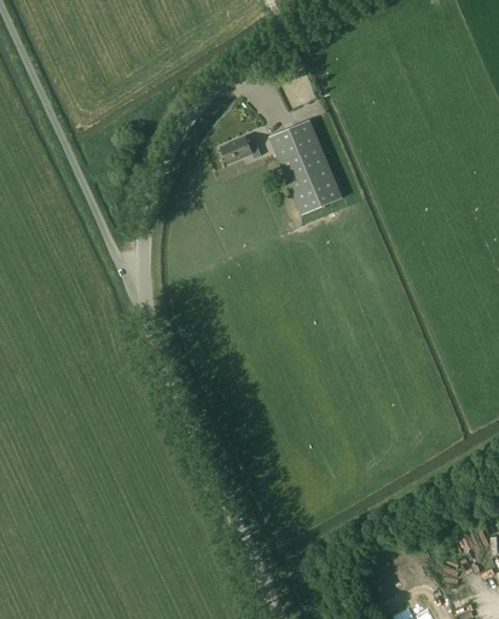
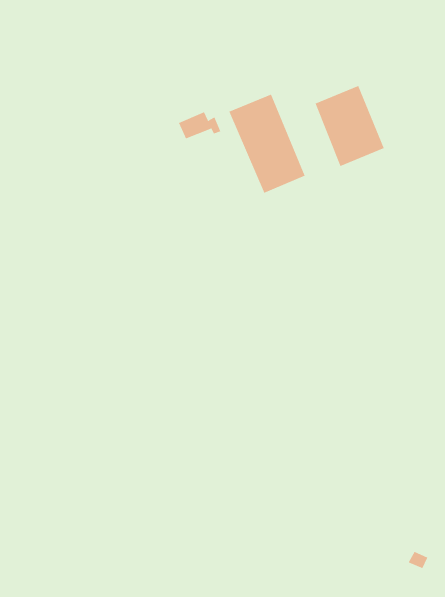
building: none -> [315,85,385,167]

